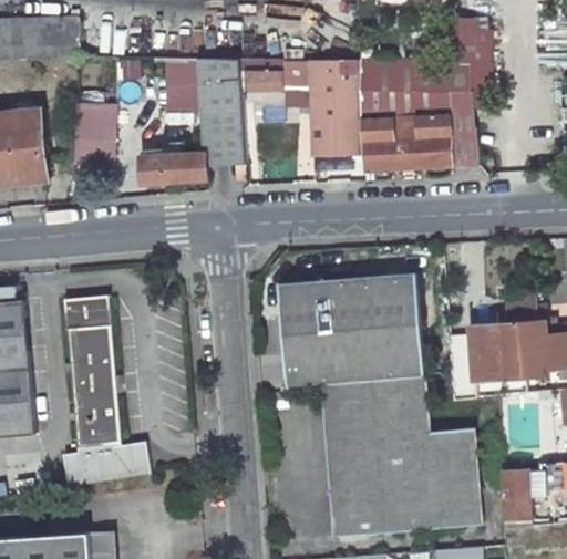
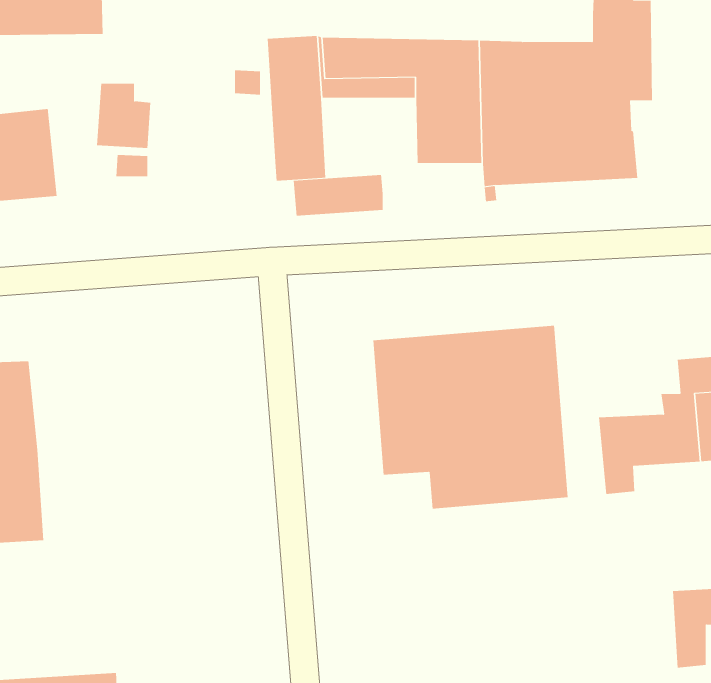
building: [140,152,207,183] -> [293,174,383,216]
building: [62,296,148,484] -> none
building: [323,402,480,535] -> none

